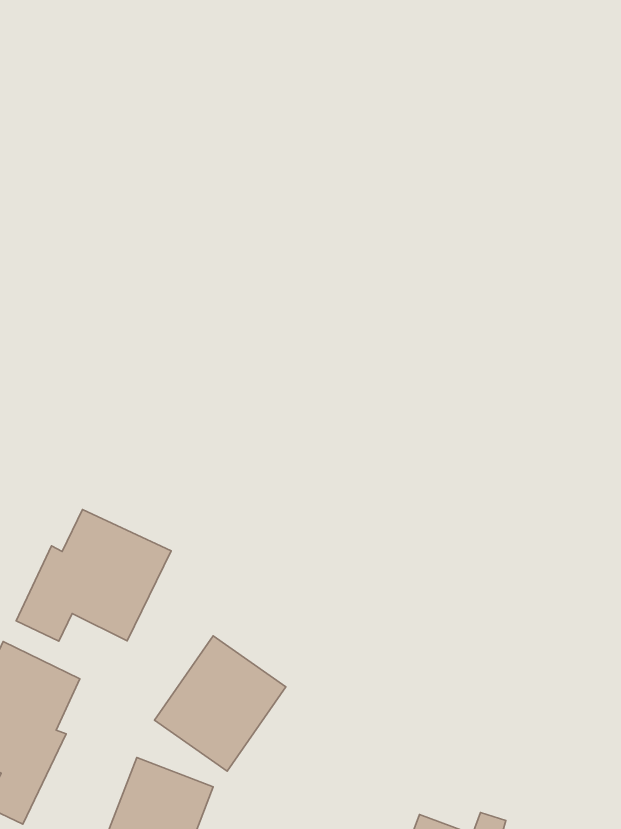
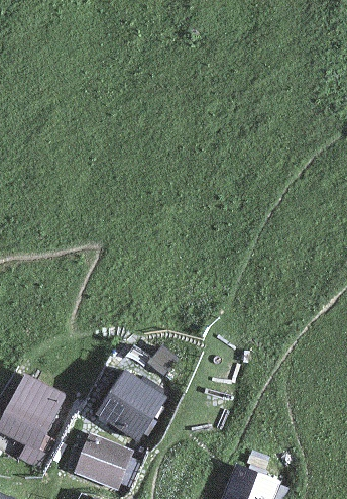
building: [16,510,171,641] -> none

